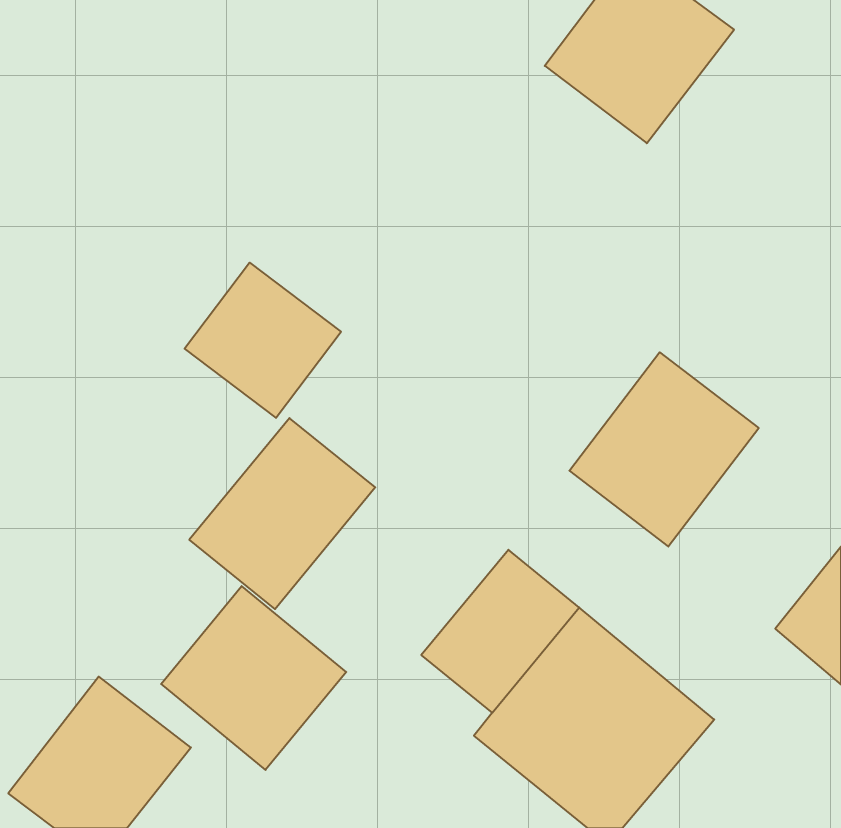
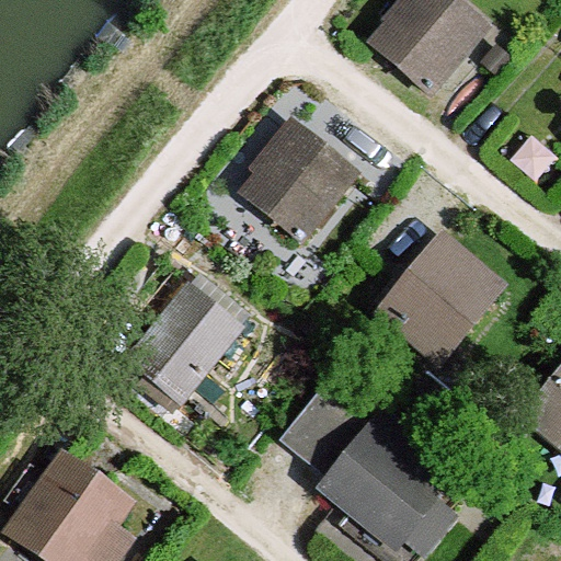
building: none -> [234,112,366,244]
building: [185,263,341,418] -> none
building: [161,586,346,770] -> none

